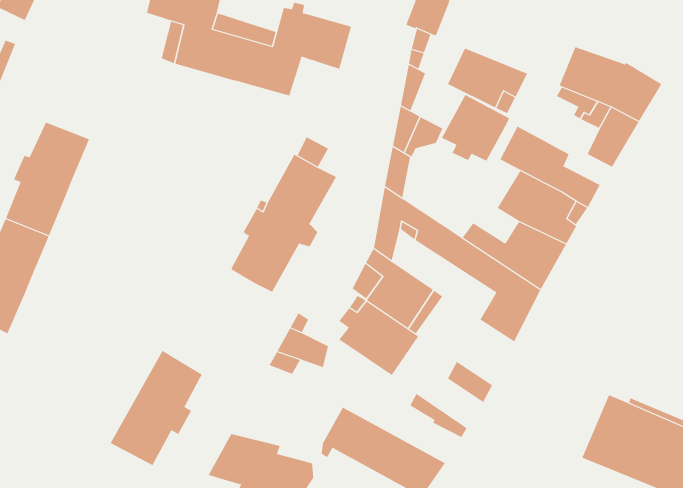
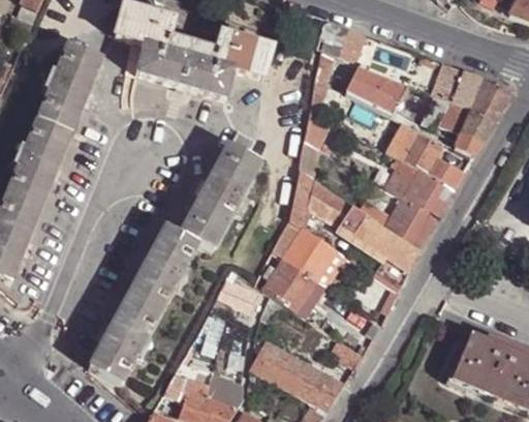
building: none -> [37,46,102,134]
building: [441,94,509,161] -> none
building: none -> [127,227,197,315]

